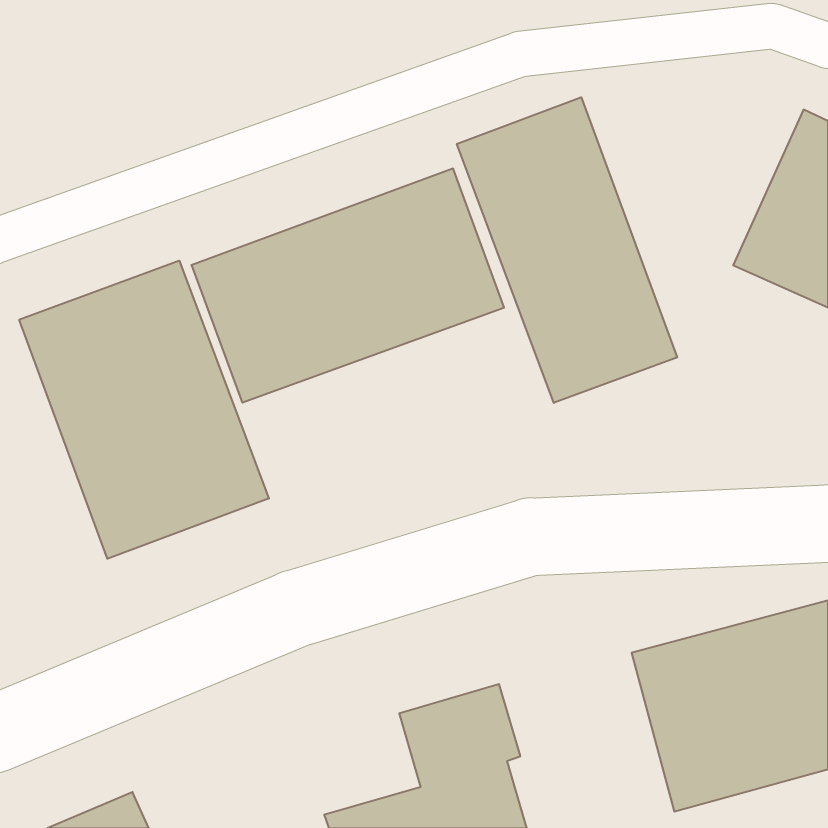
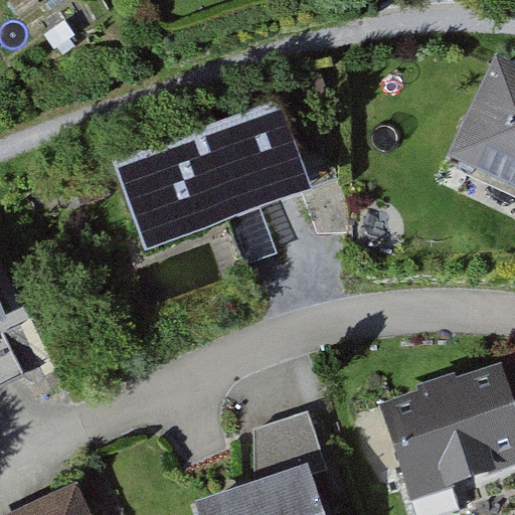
building: [457,97,677,403] -> none
building: [19,261,269,559] -> none

